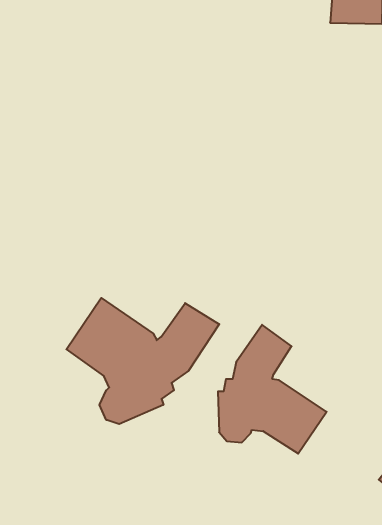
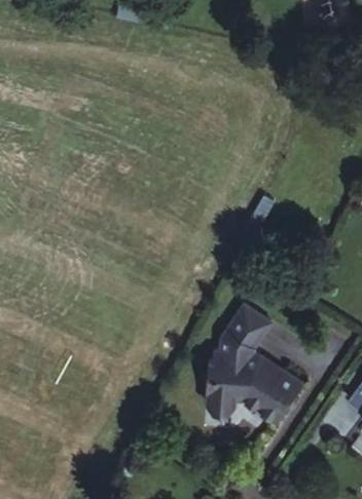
building: [66,298,219,424] -> none

